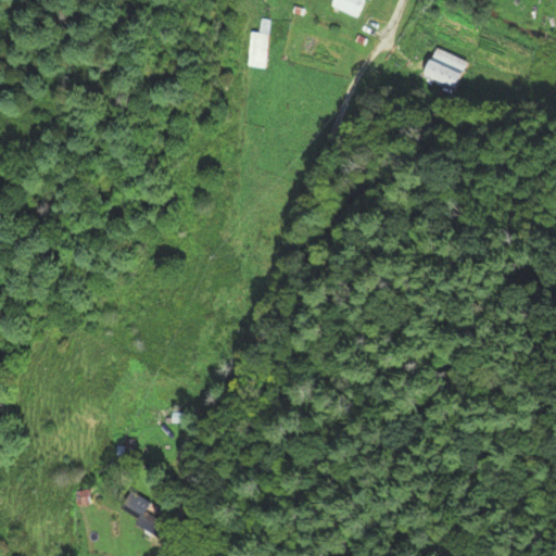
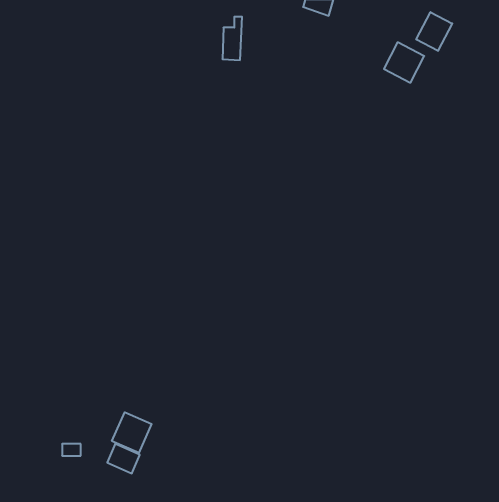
building: none -> [416,12,452,51]
building: none -> [112,412,152,453]

